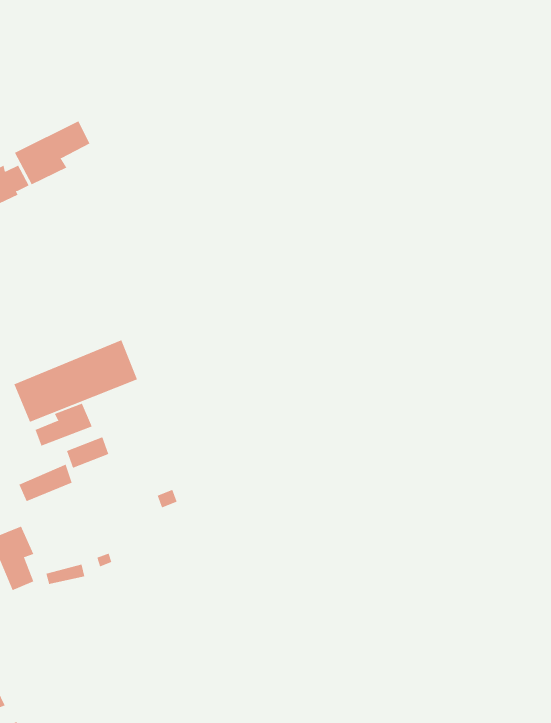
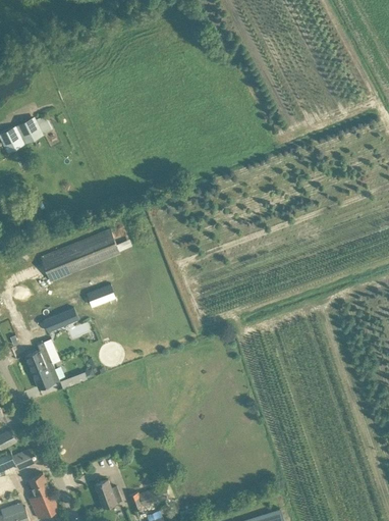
building: [14,120,90,185] -> none
building: [35,403,92,447] -> none

